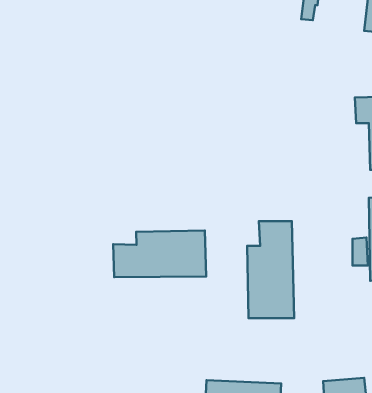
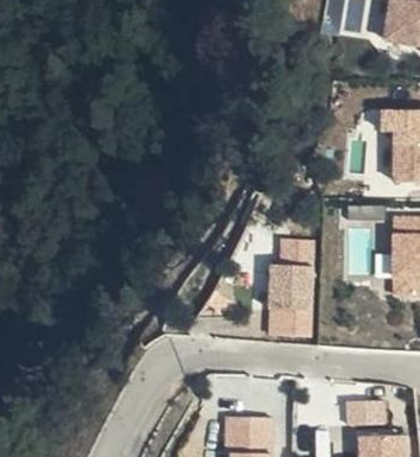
building: [113,231,206,277] -> none

